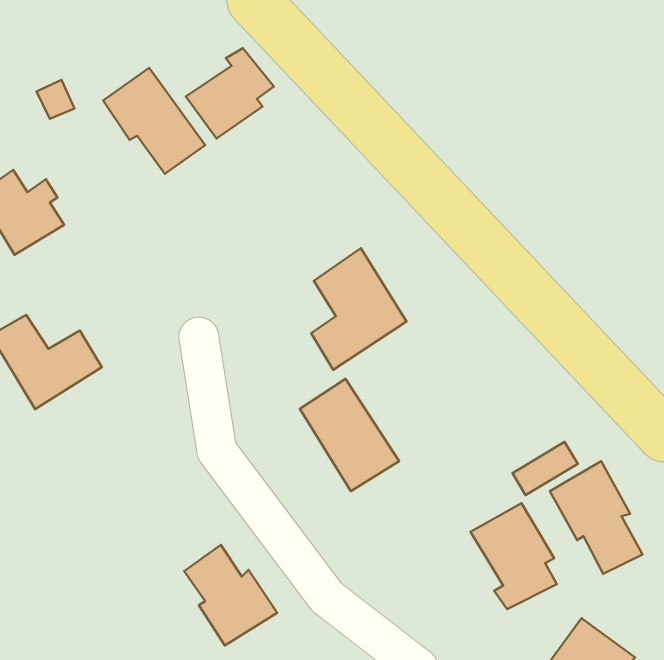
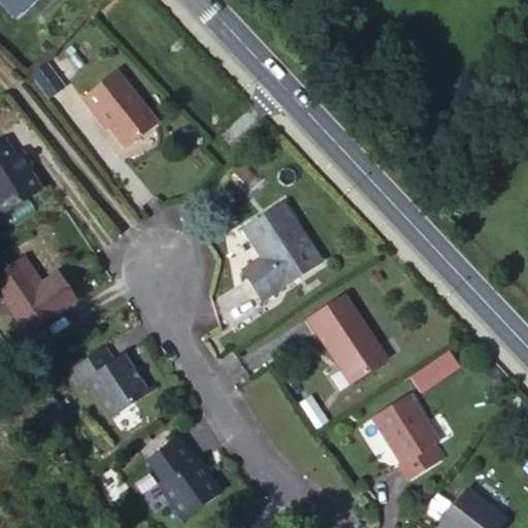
building: [186,48,274,138] -> none
building: [300,379,399,491] -> [309,299,388,388]
building: none -> [67,342,145,415]
building: [550,461,642,574] -> none

